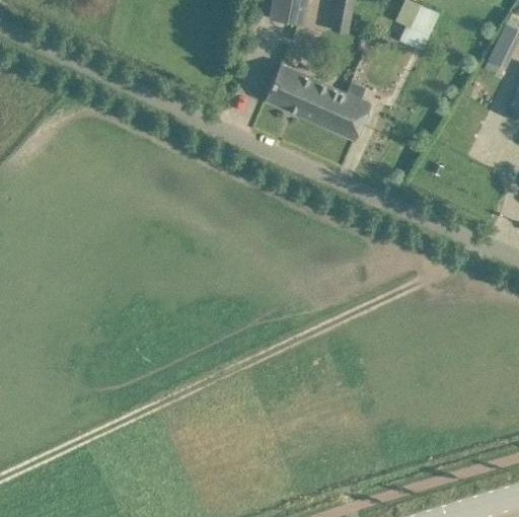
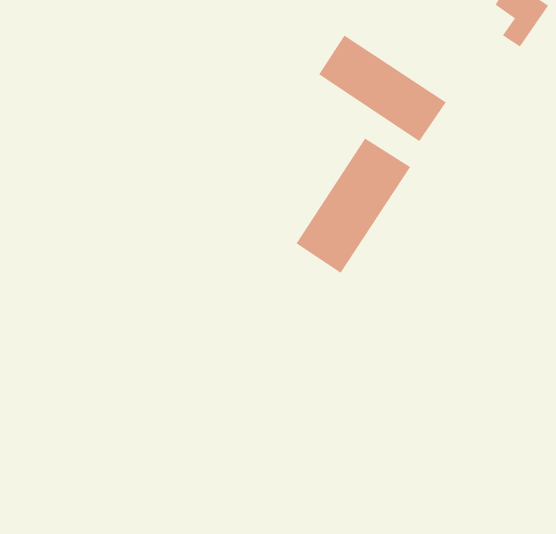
building: none -> [295,137,411,274]

